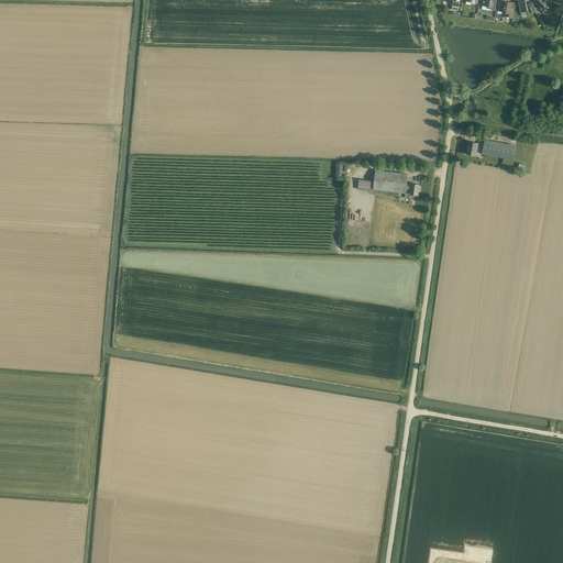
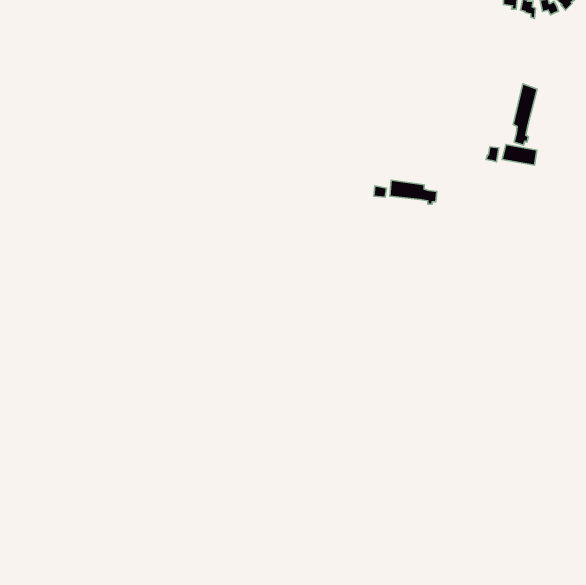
building: none -> [513,84,537,145]

